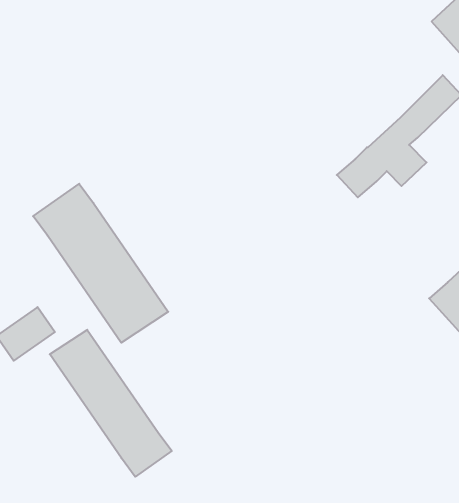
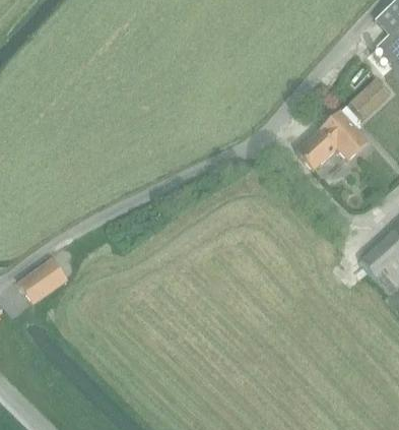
building: [33,184,168,343] -> none
building: [50,330,172,477] -> none

